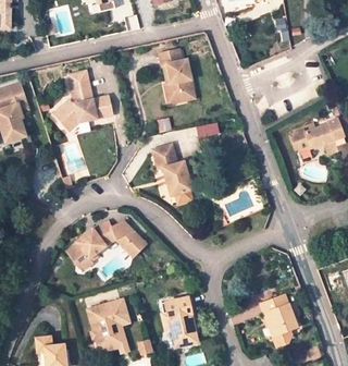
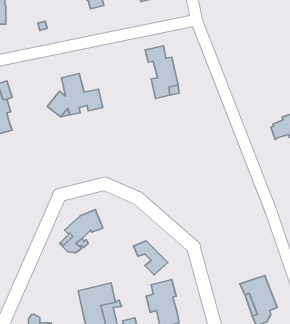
building: [153,142,190,194] -> none
building: [108,221,144,257] -> [134,241,168,275]

